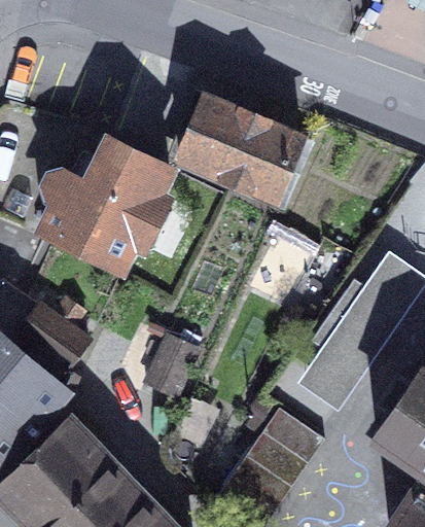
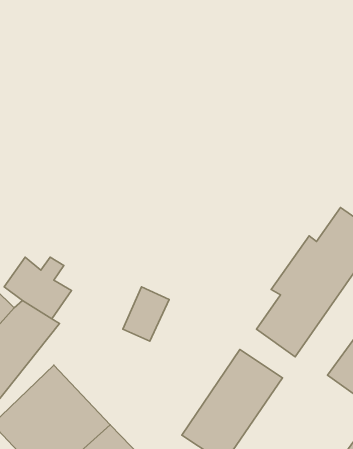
building: [181,94,302,198] -> none
building: [44,139,170,267] -> none

